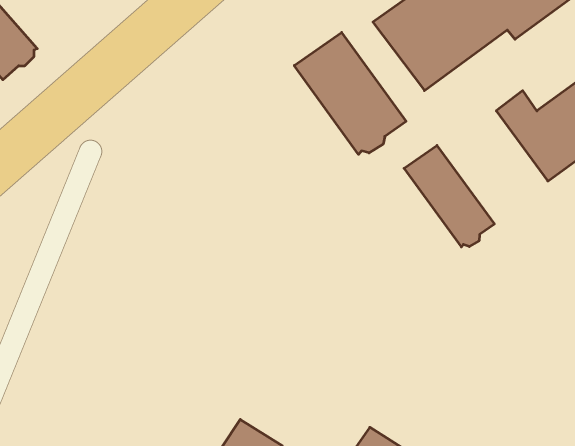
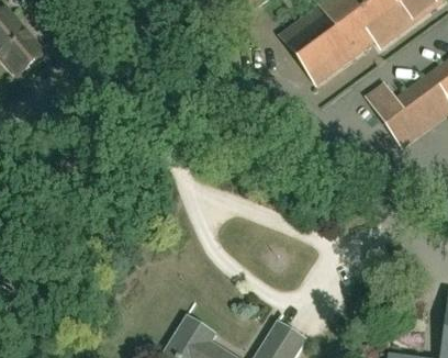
building: [294,32,406,154] -> none
building: [404,145,494,247] -> none

